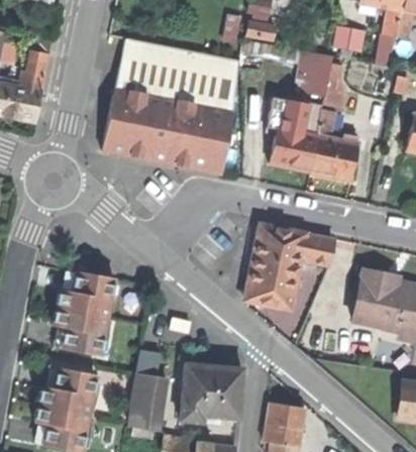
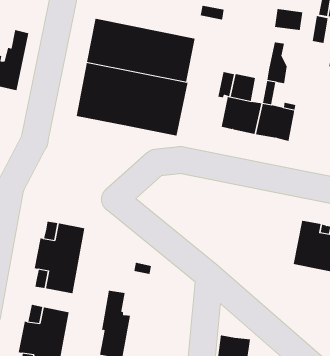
building: [302,60,332,97] -> none
building: [245,225,334,308] -> none
building: [183,365,241,422] -> none

